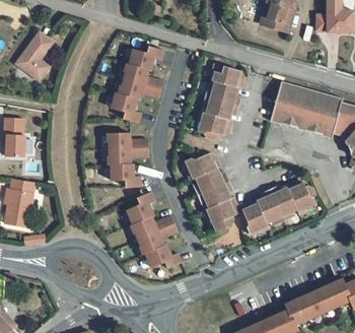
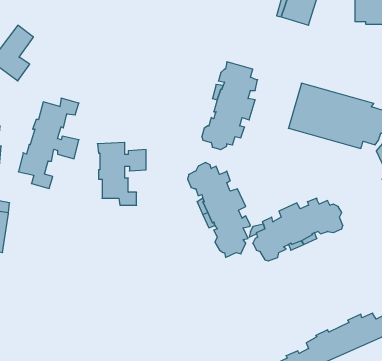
building: [112,46,163,123] -> [18,98,79,188]
building: [127,191,182,268] -> none

